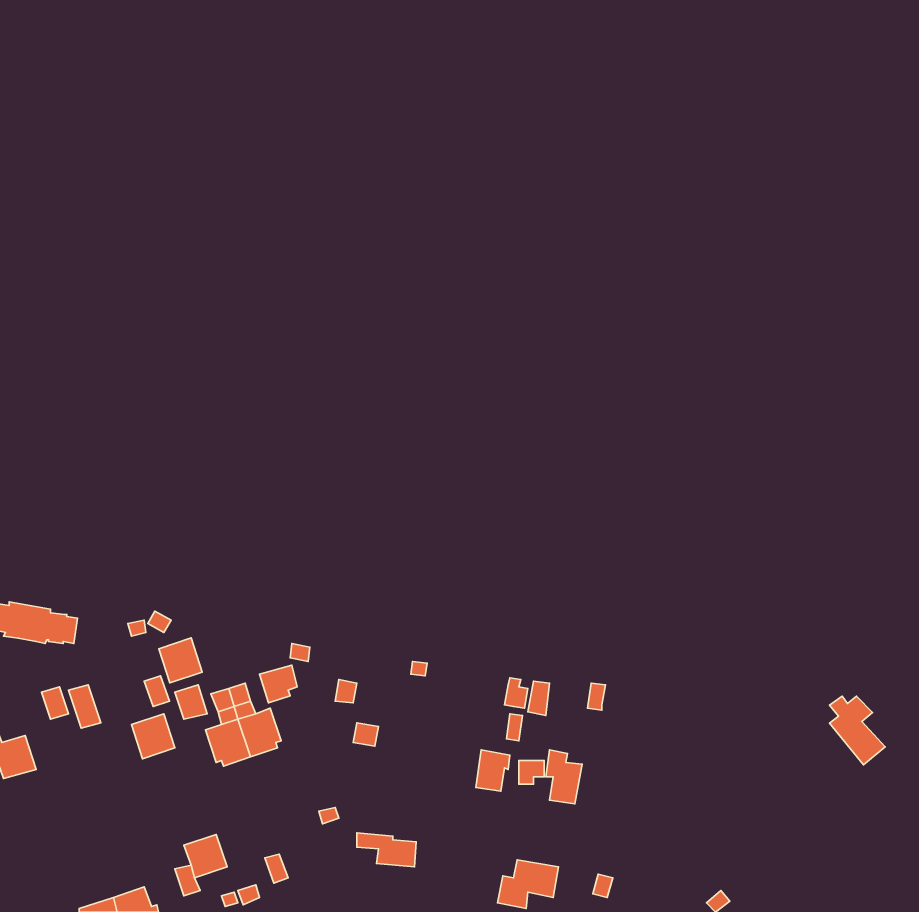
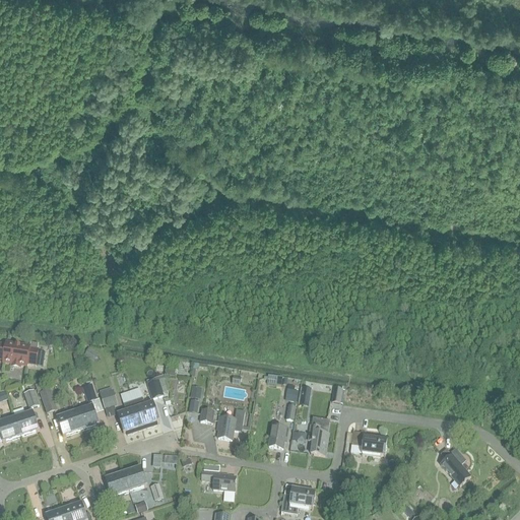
building: [159,638,202,683] -> [56,408,80,434]
building: [829,696,885,765] -> [439,446,470,484]
building: none -> [217,407,244,438]
building: none -> [14,408,39,434]
building: none -> [350,429,386,454]
building: none -> [122,464,146,489]

